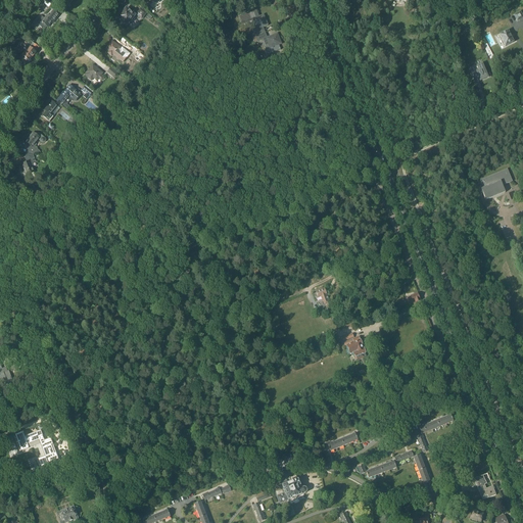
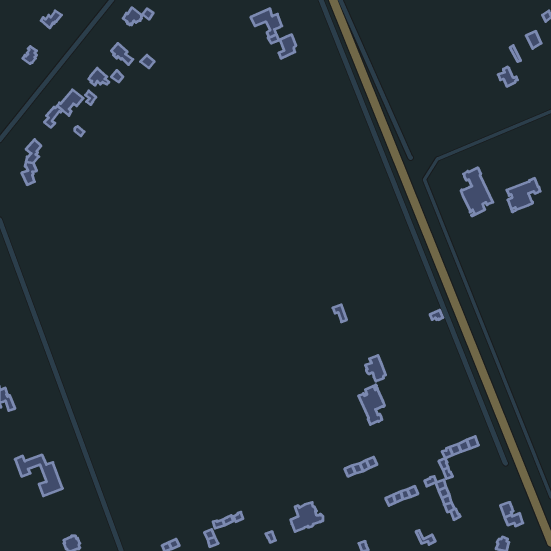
building: none -> [461,168,493,216]
building: none -> [359,385,384,425]

